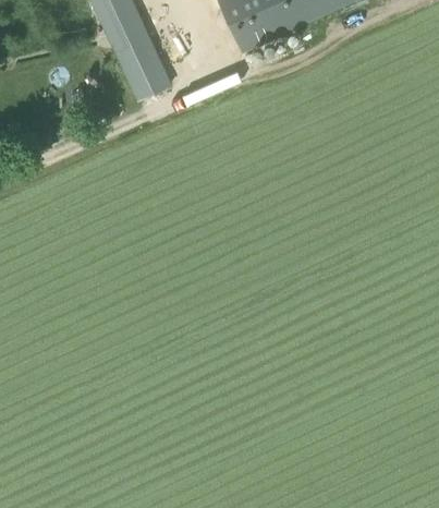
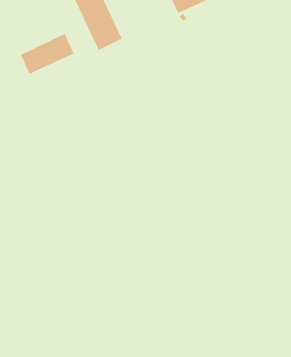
building: none -> [20,33,74,75]

